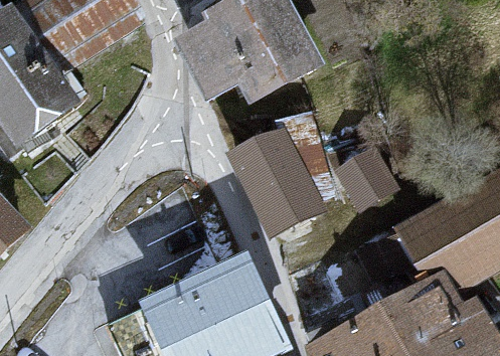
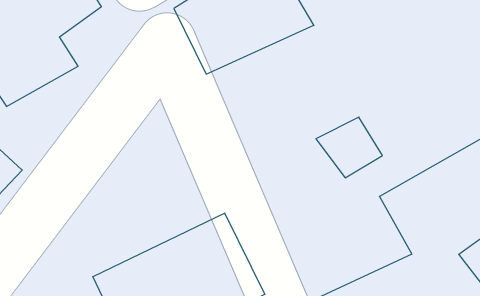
building: [232,127,327,236] -> none

